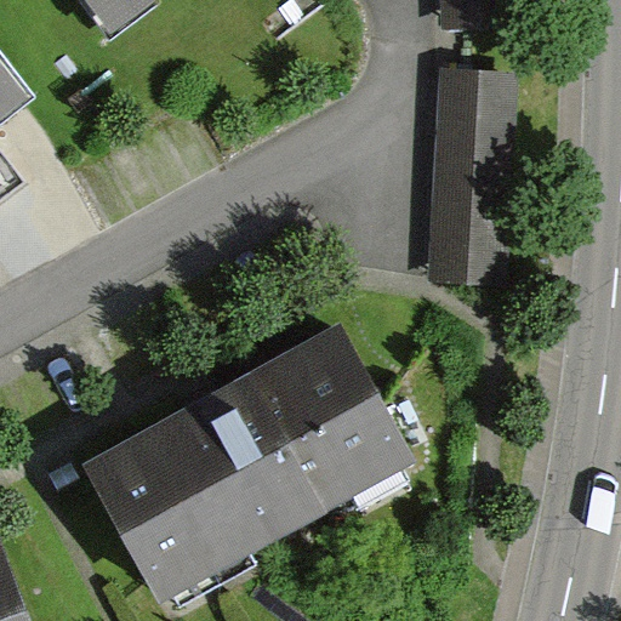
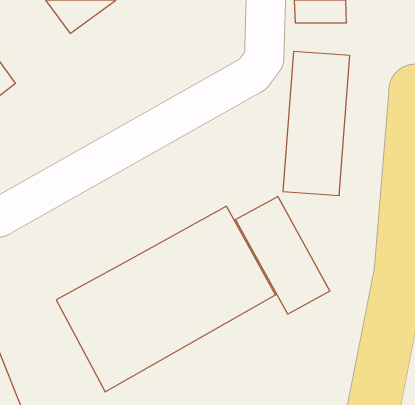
building: none -> [236,196,330,314]

